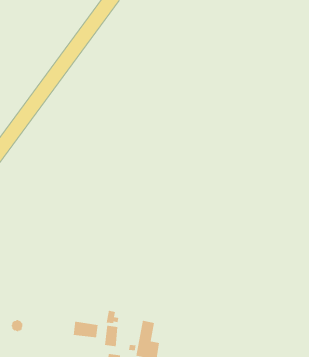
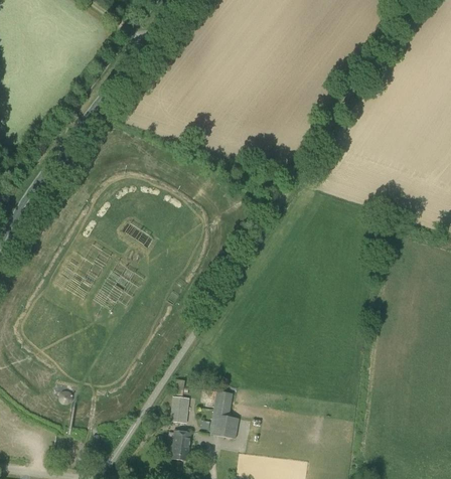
building: [73,321,98,338] -> none

